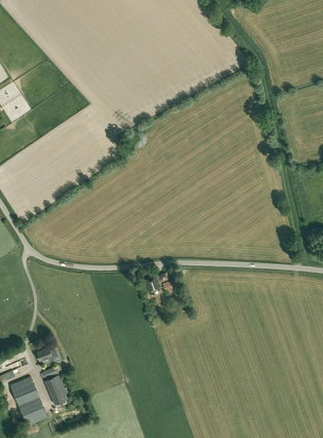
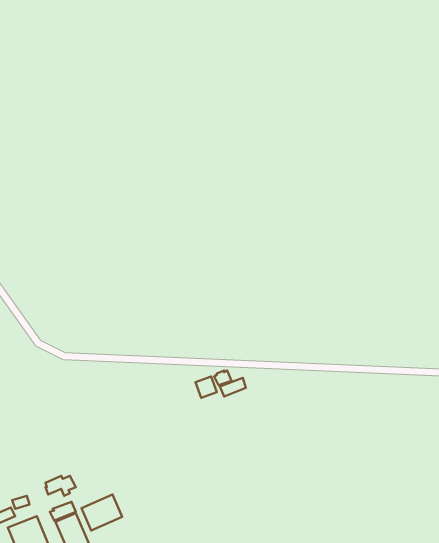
building: none -> [81,495,122,530]

